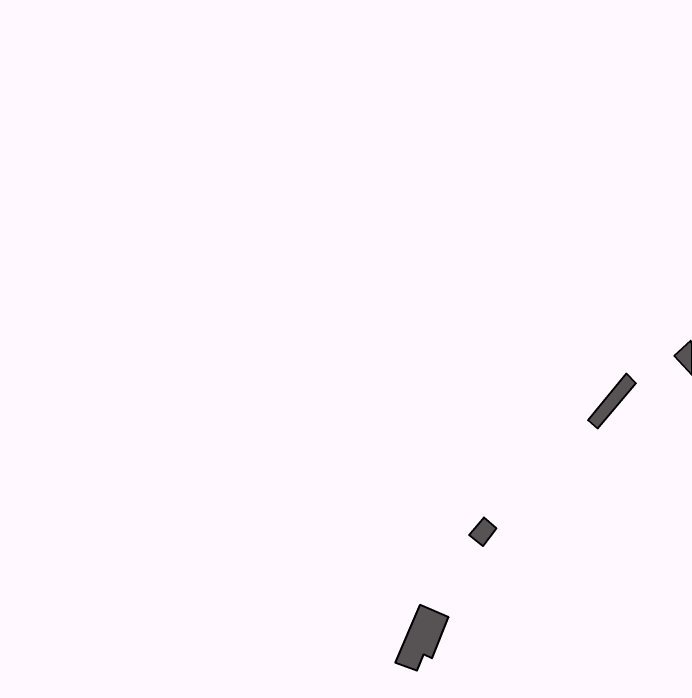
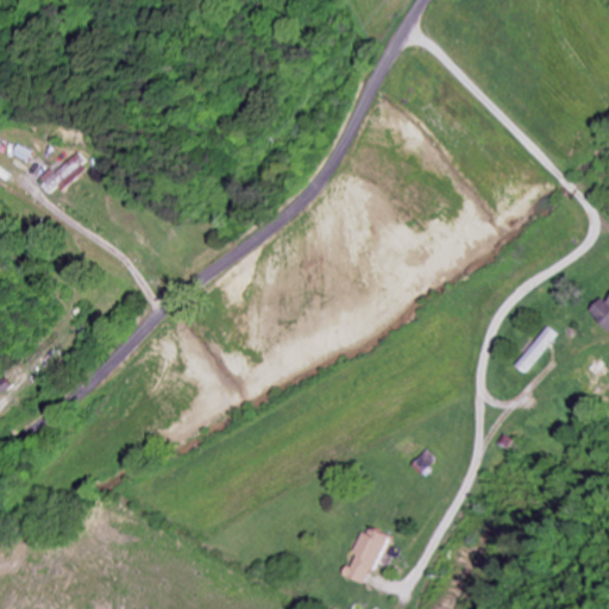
building: none -> [38,152,90,192]

